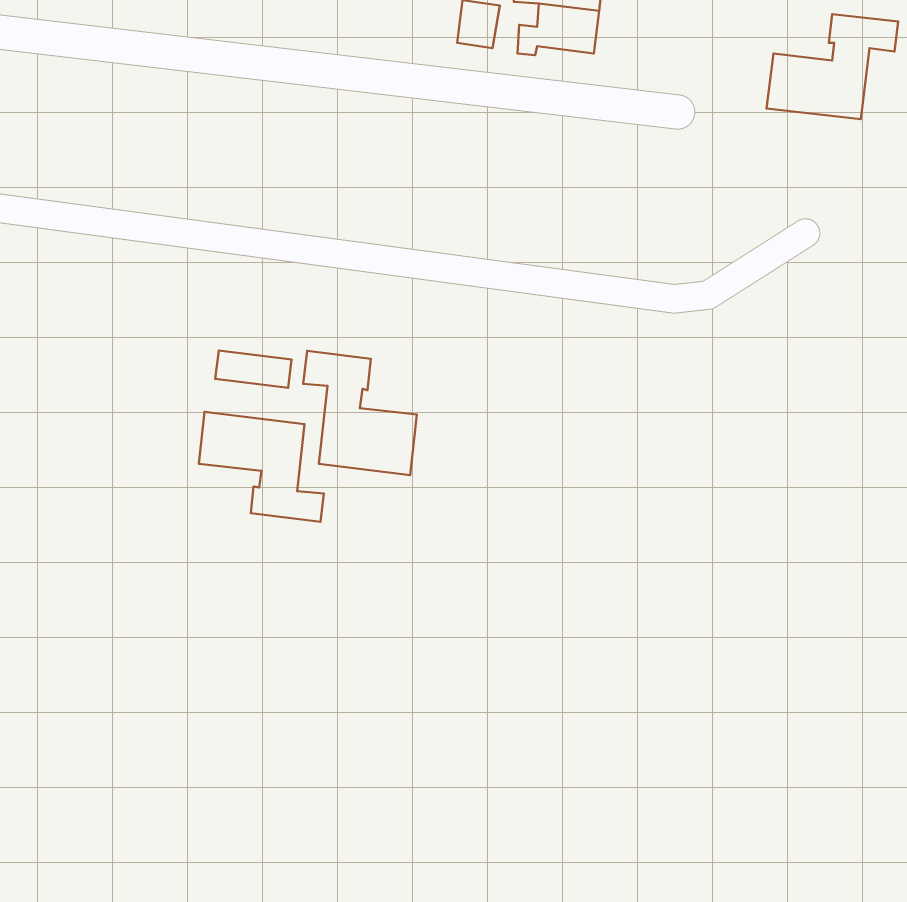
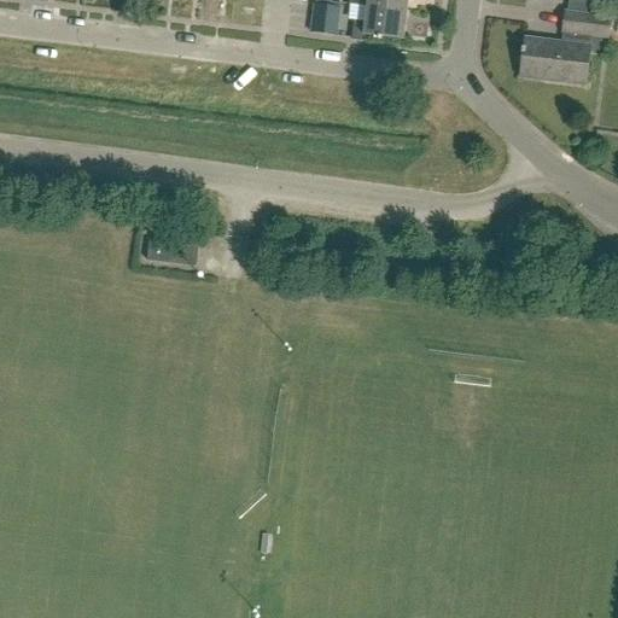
building: [303,351,417,475] -> none
building: [199,412,324,522] -> none

